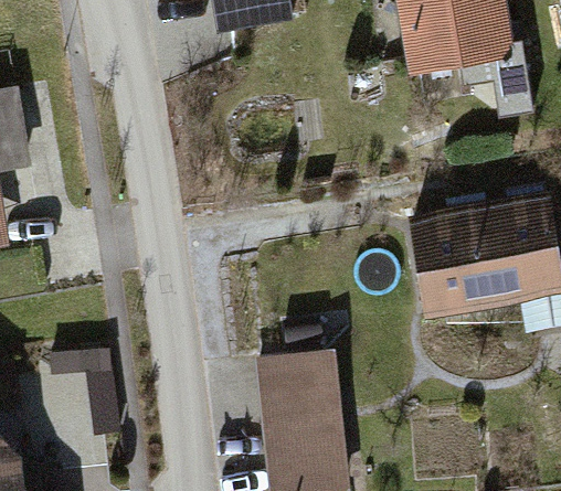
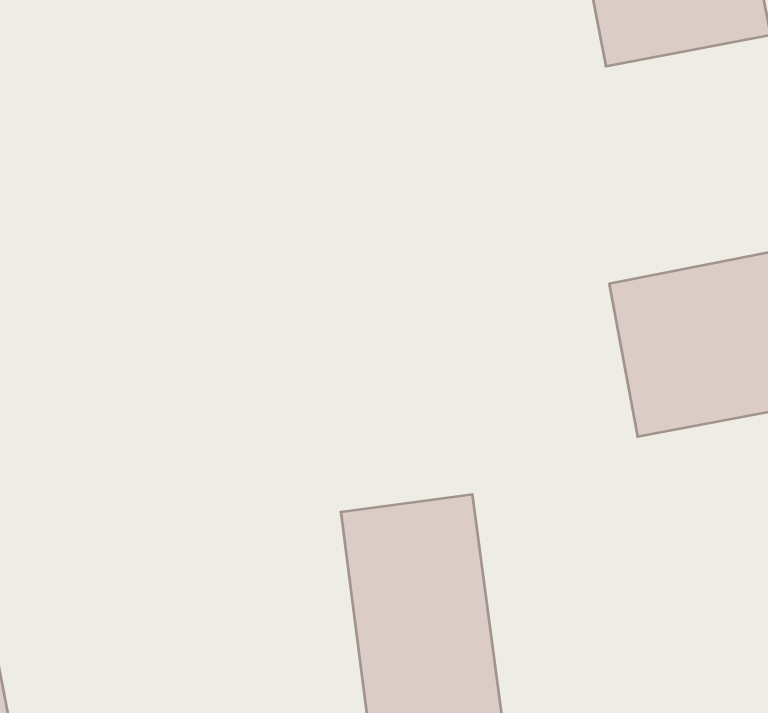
building: [42,346,109,461] -> none

